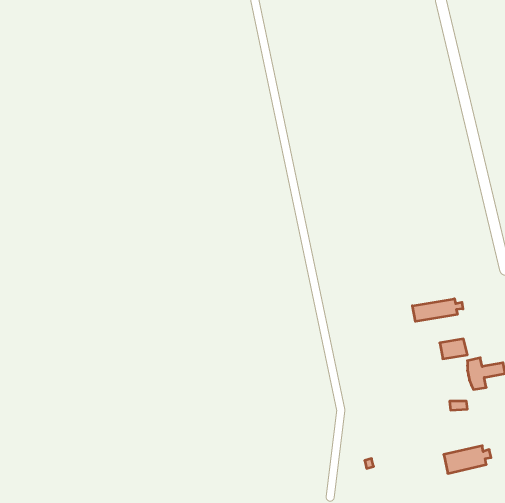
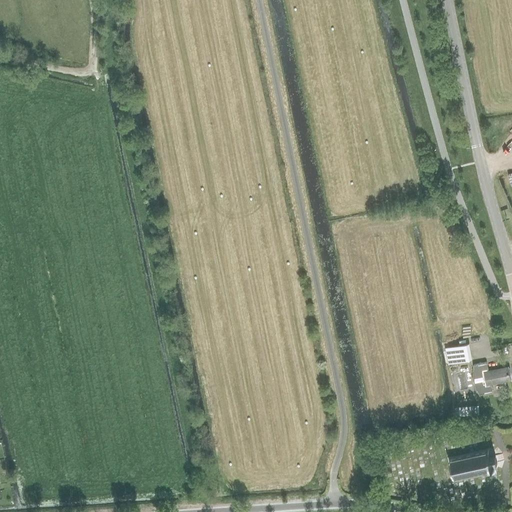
building: [412,299,463,321] -> none

